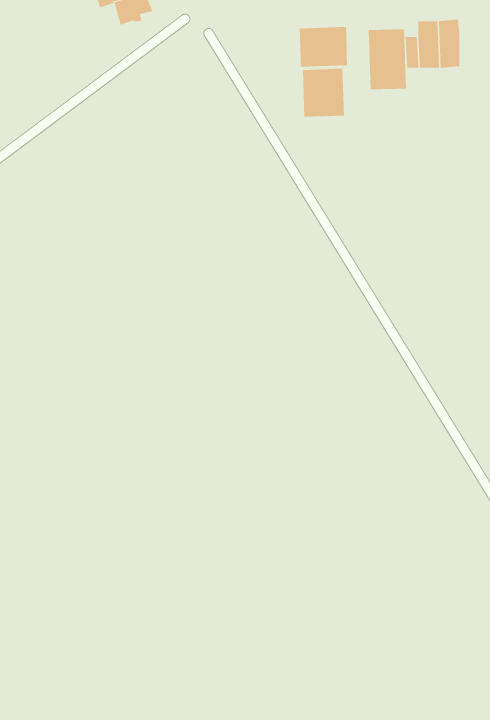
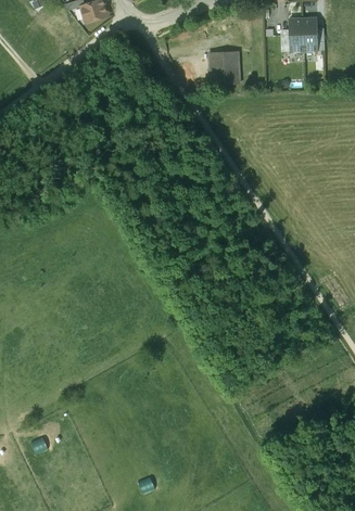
building: [299,26,348,67] -> none
building: [368,29,407,90] -> none

